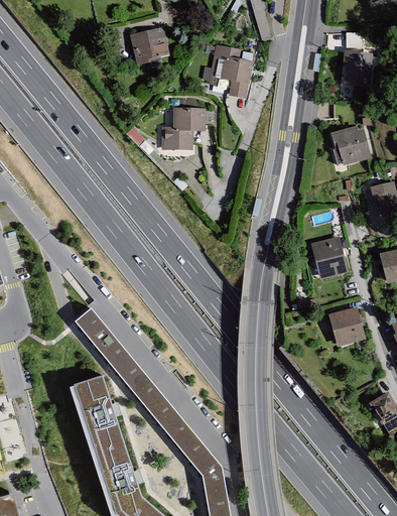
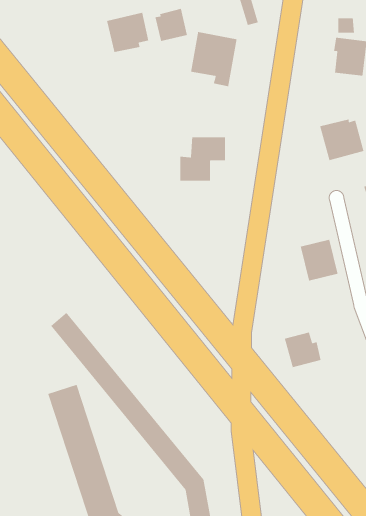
building: none -> [155,8,188,42]
building: [161,107,205,149] -> [180,137,226,182]
building: [332,311,367,346] -> [284,332,321,368]

